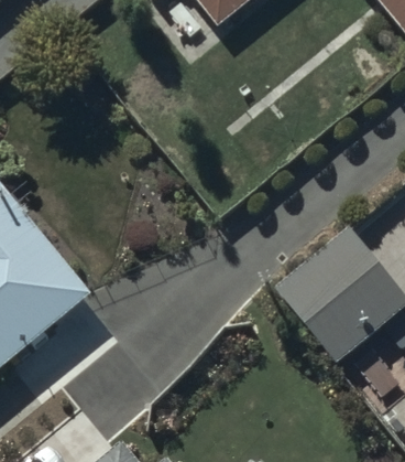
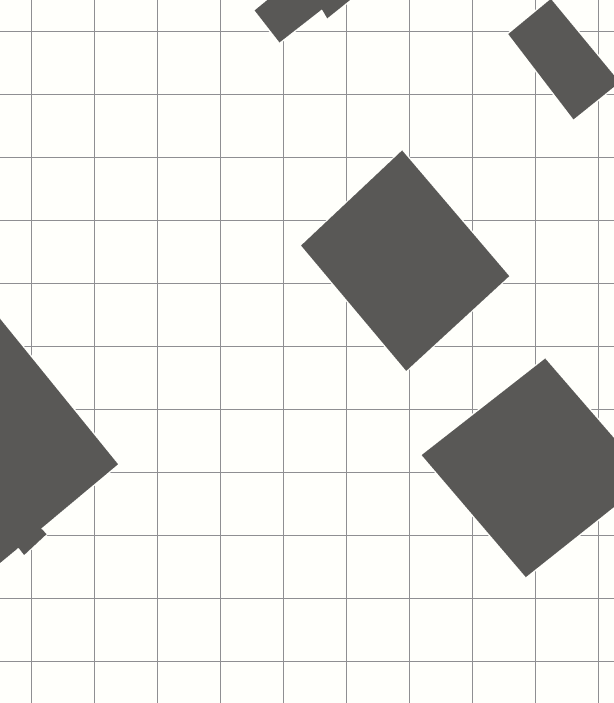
building: none -> [300,149,510,372]

